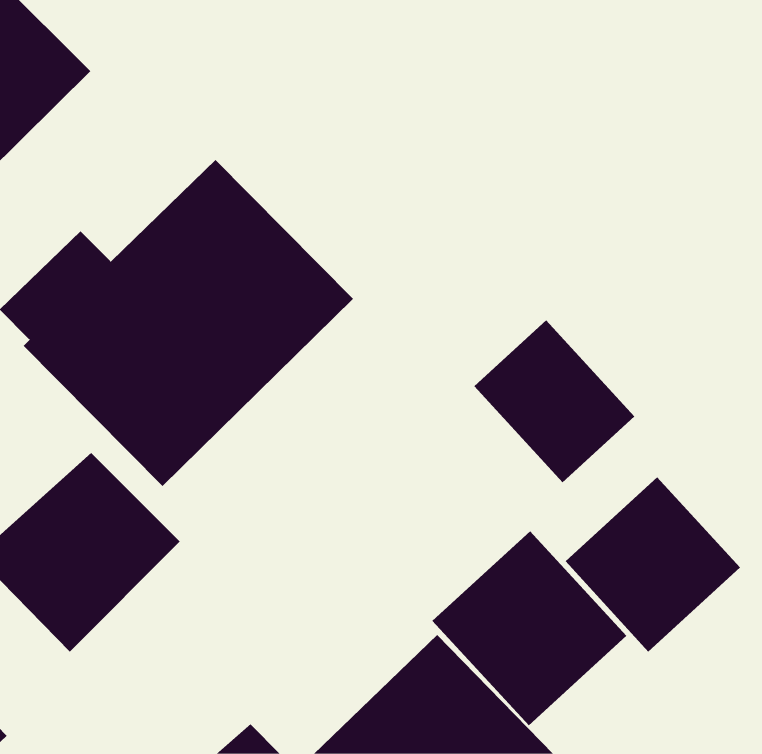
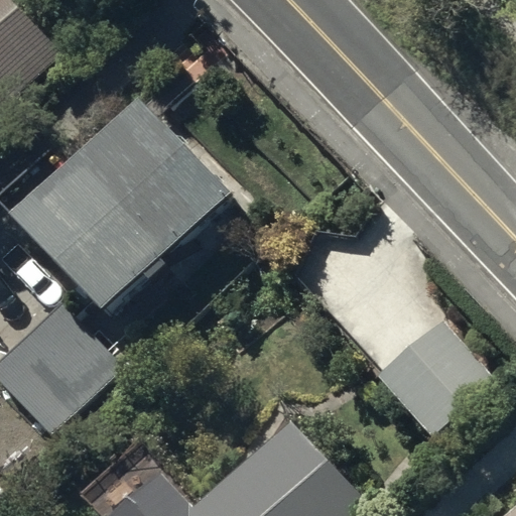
building: [473,320,635,483] -> none
building: [432,530,627,726] -> none

